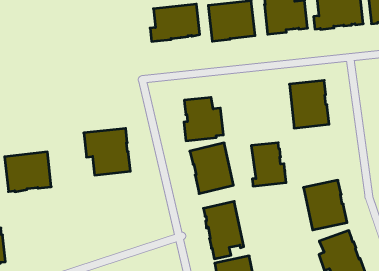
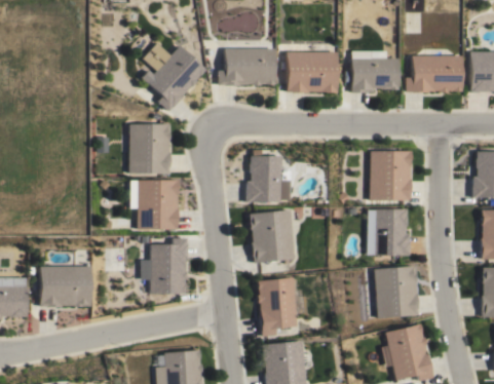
building: none -> [144,42,207,111]
building: none -> [130,124,172,174]
building: [251,143,286,186] -> [372,209,410,256]
building: [5,152,51,192] -> [40,267,89,308]
building: none -> [142,238,188,294]

